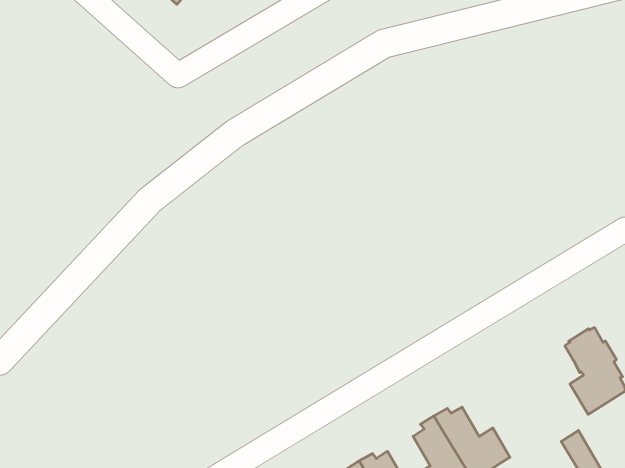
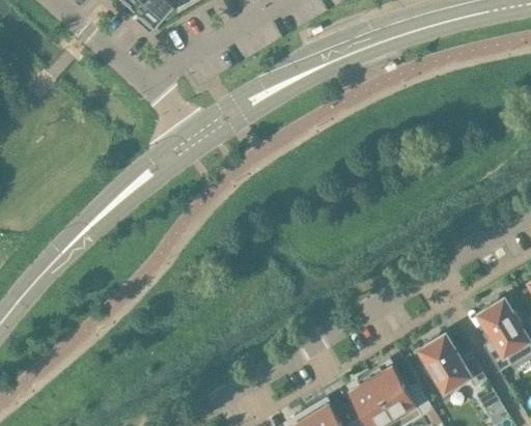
building: none -> [420,335,486,391]

